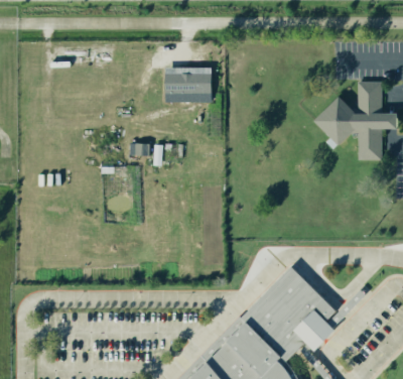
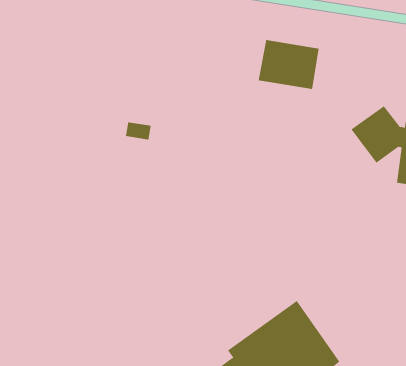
building: [165,69,212,103] -> [258,40,320,89]

